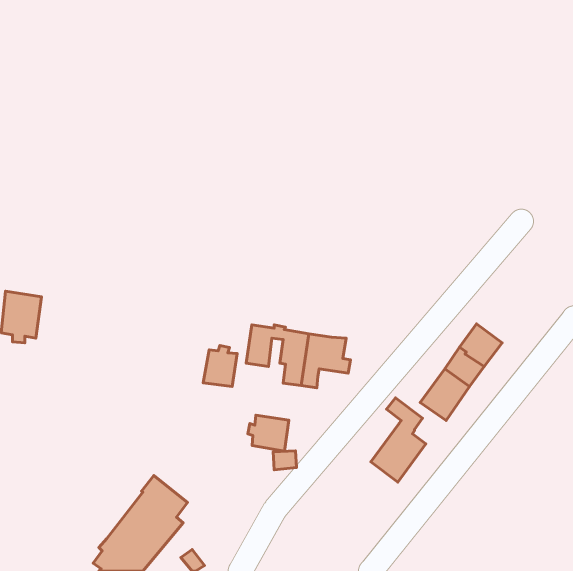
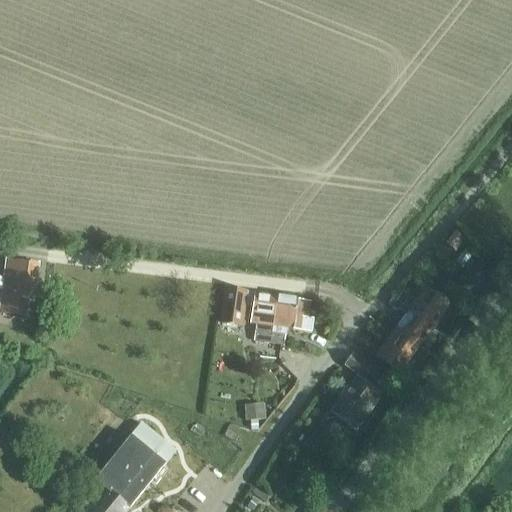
building: [203,346,237,387] -> none
building: [248,415,289,451] -> none

